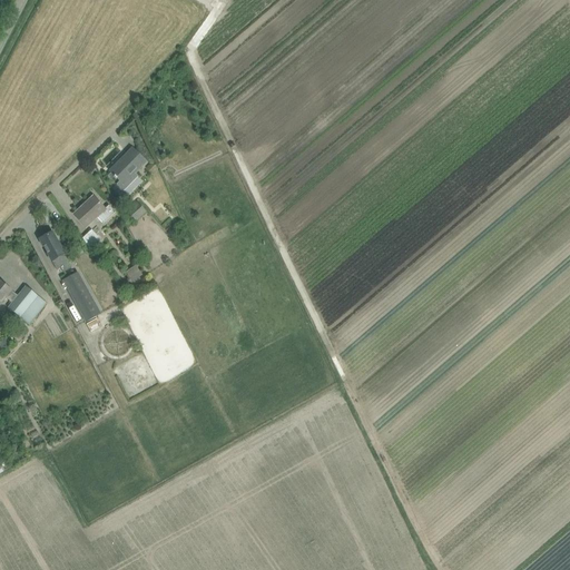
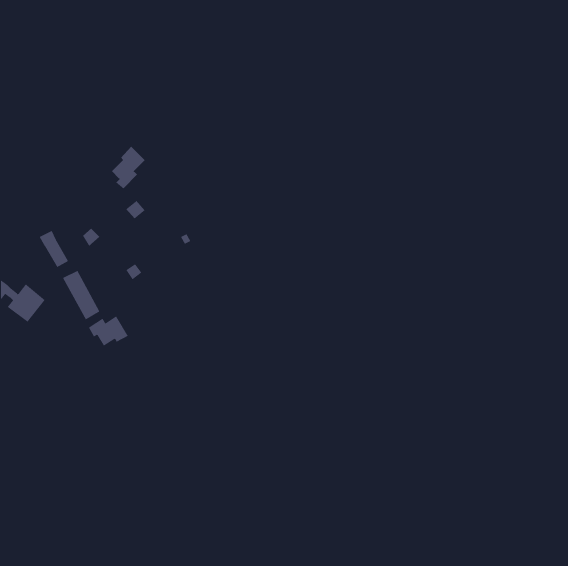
building: [73,195,115,226] -> none
building: none -> [88,316,129,347]

